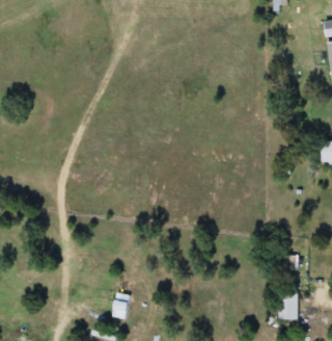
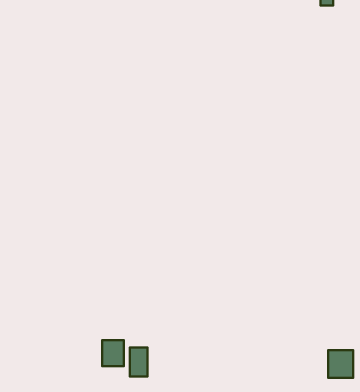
building: none -> [102,340,124,366]

